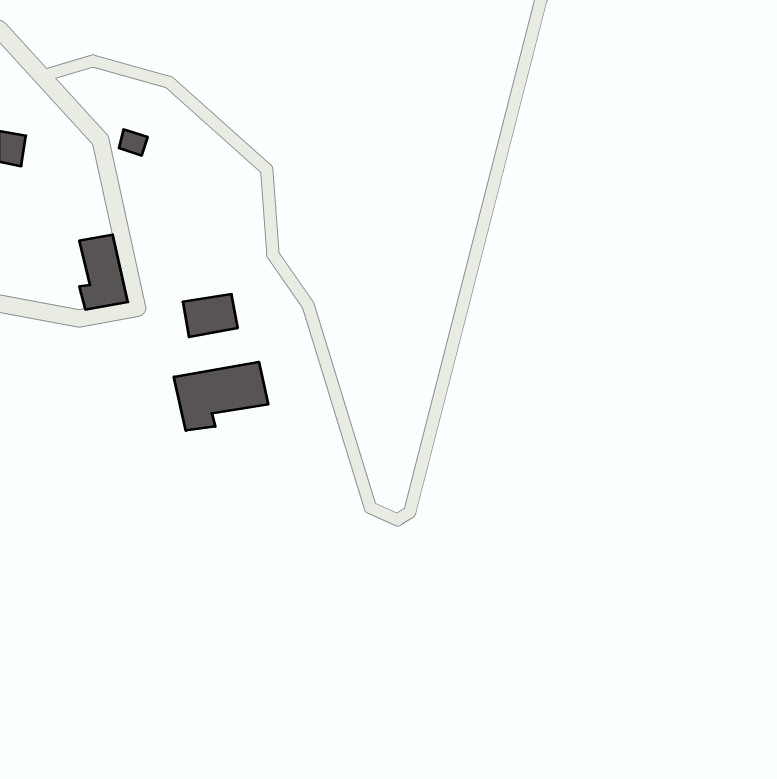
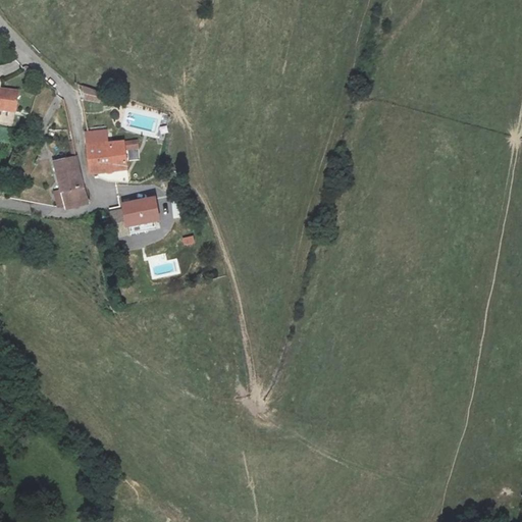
building: none -> [86,129,138,173]
building: [174,362,268,431] -> none

